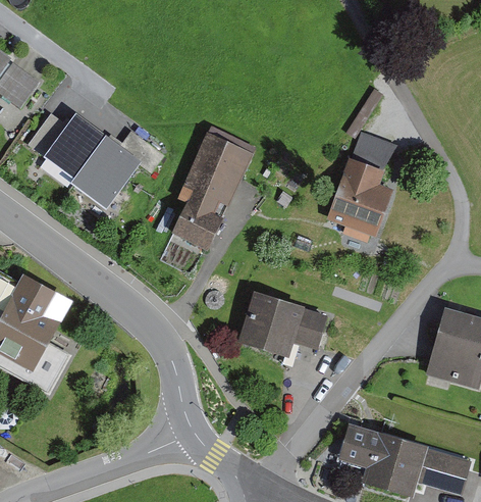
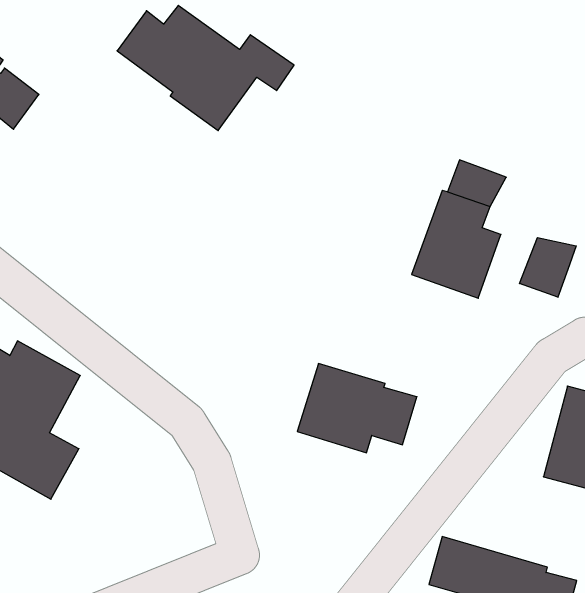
building: [29,111,164,207] -> [117,5,294,131]
building: [170,132,253,250] -> none
building: none -> [520,238,576,297]

